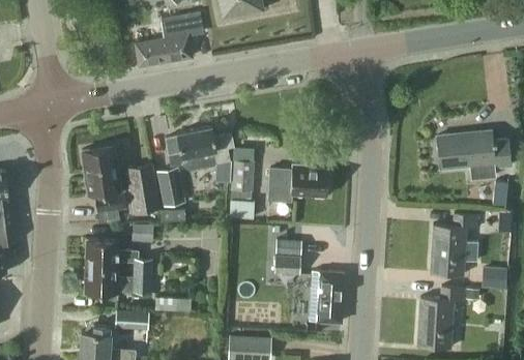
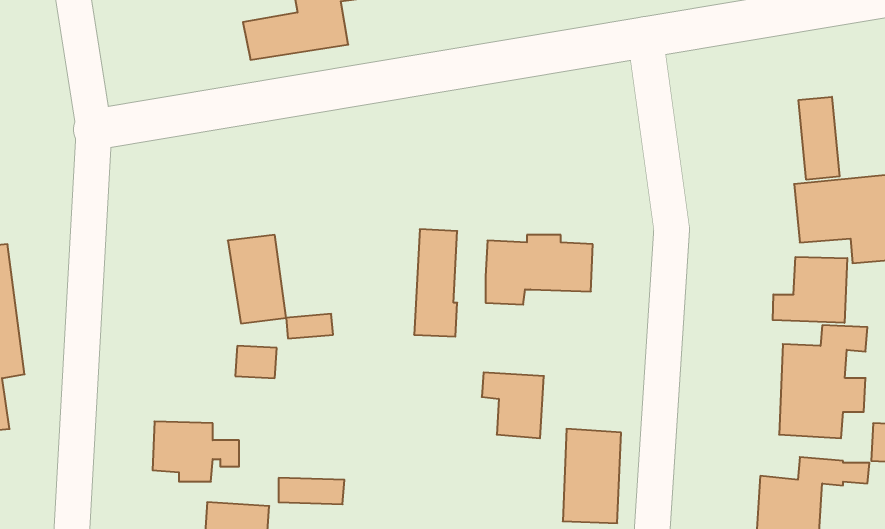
building: none -> [799,97,840,180]
building: [165,126,235,170] -> none
building: [82,146,126,223] -> none
building: [156,168,184,207] -> none
building: none -> [773,257,847,323]
building: [86,240,152,292] -> none

